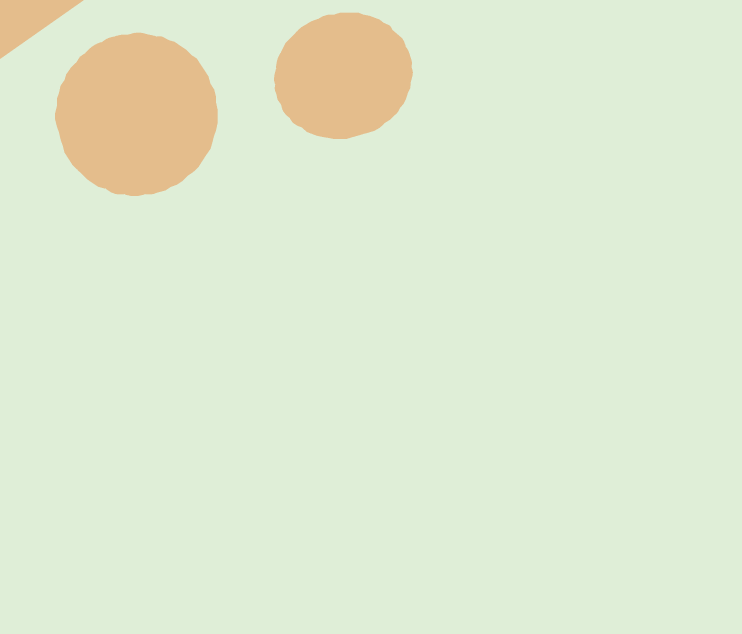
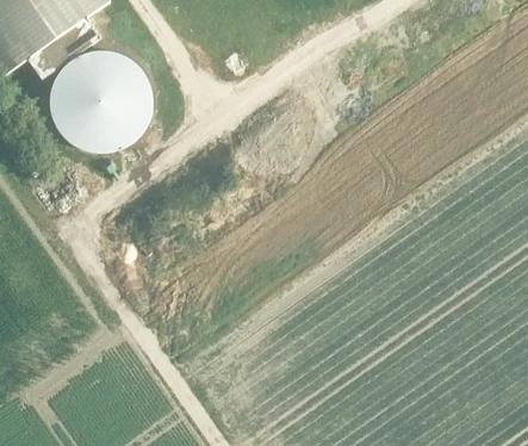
building: [273,12,413,140] -> none

